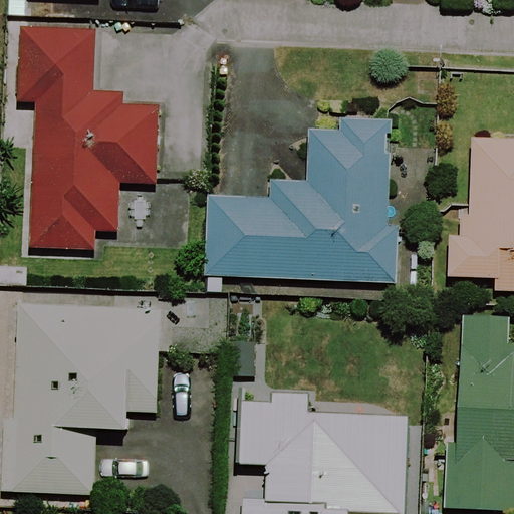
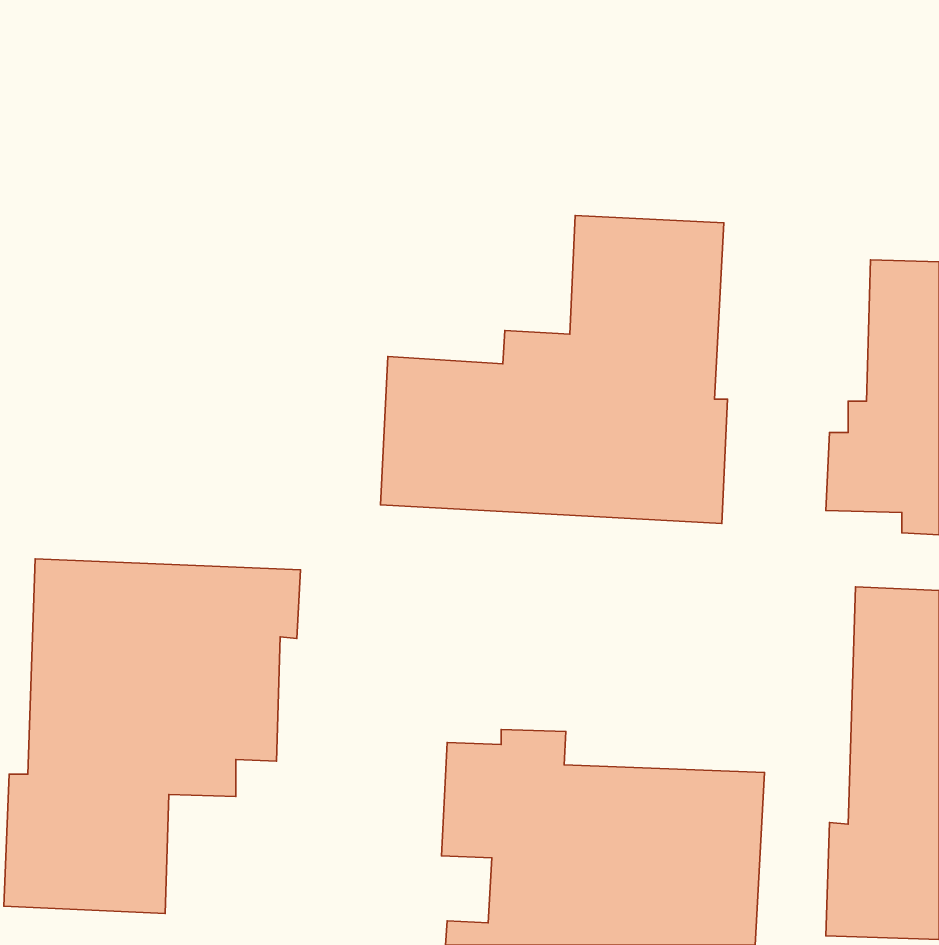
building: [19,28,161,250] -> none

